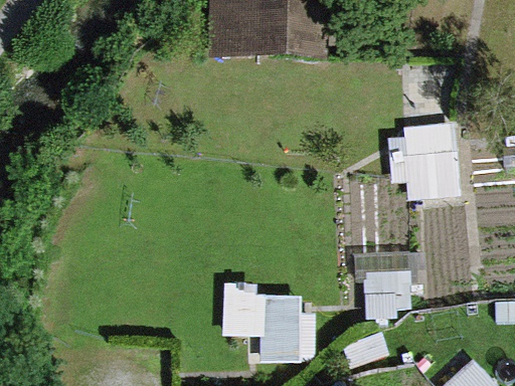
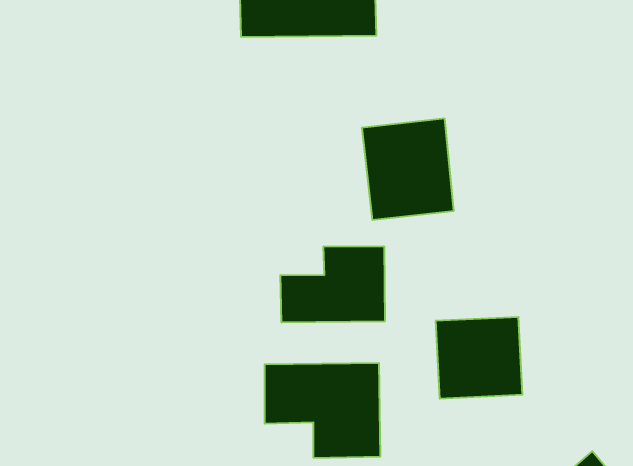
building: [391,127,462,204] -> [362,119,454,220]
building: none -> [280,246,385,323]

